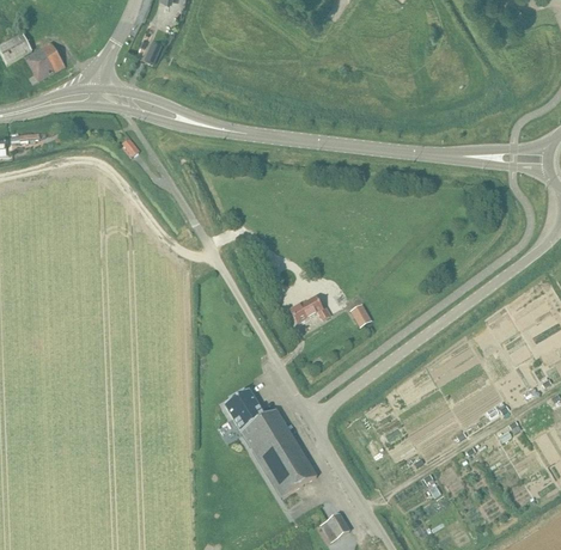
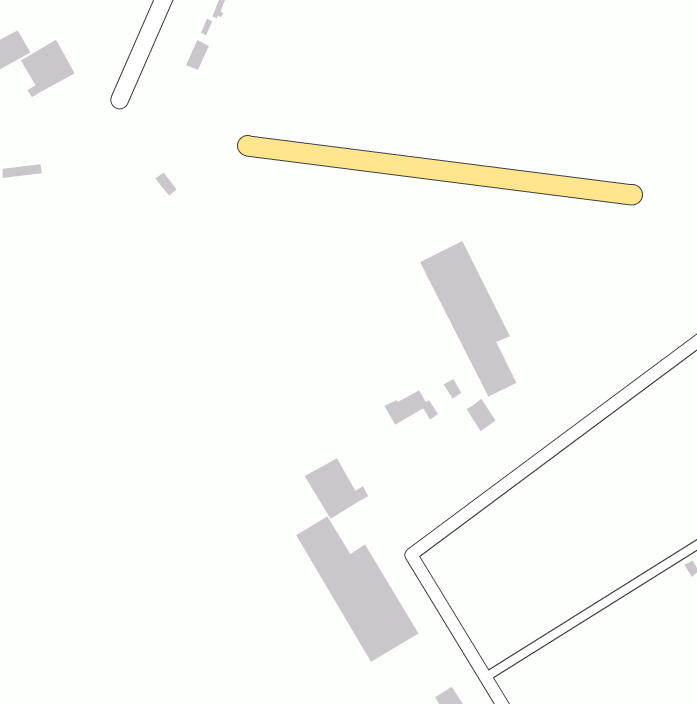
building: none -> [419,240,517,398]
building: none -> [304,457,369,520]

